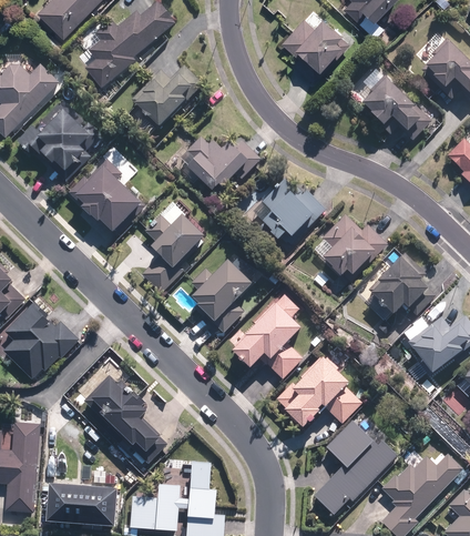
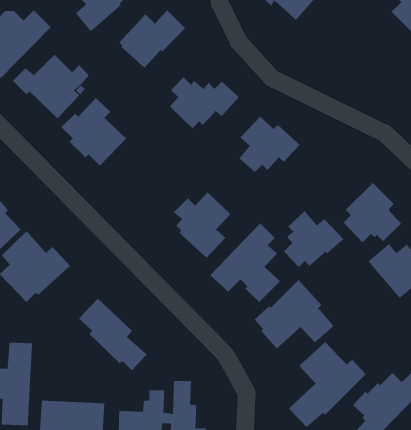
building: [361,74,430,139] -> none
building: [144,200,206,292] -> none
building: [323,213,388,275] -> [283,210,344,268]

